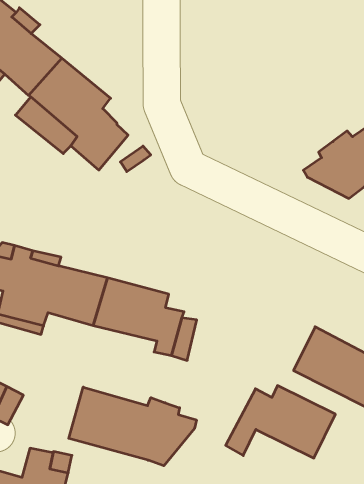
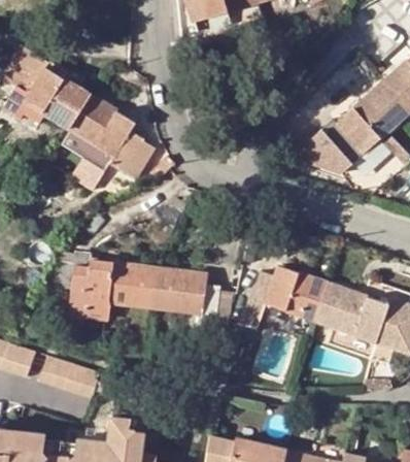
building: [226,386,335,458] -> [243,267,329,328]
building: [69,387,196,466] -> none

